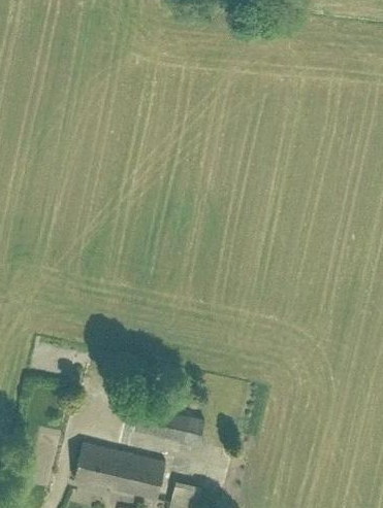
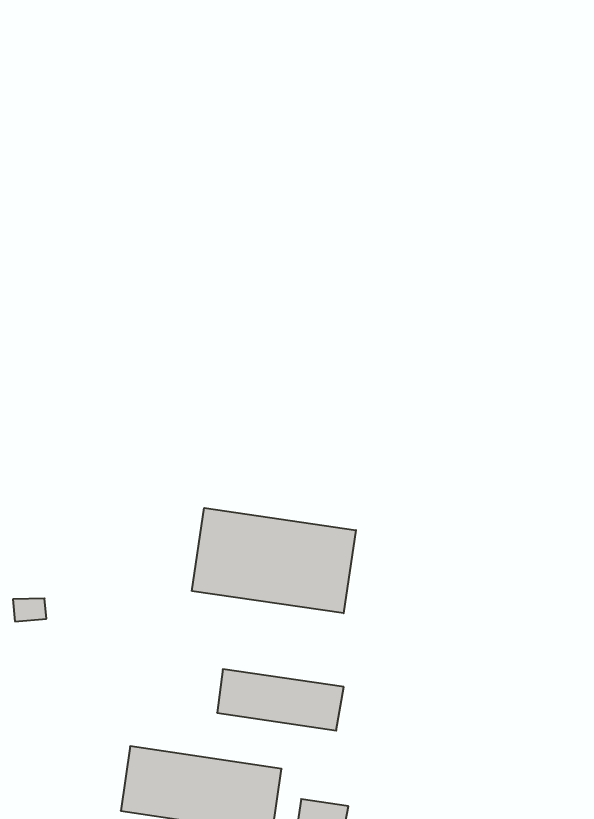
building: none -> [192,508,356,613]

